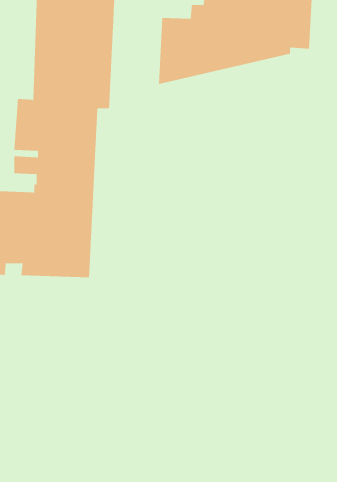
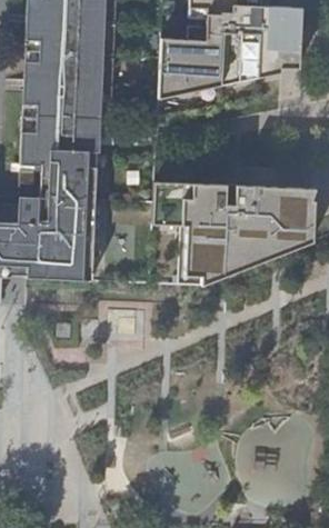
building: none -> [153,180,313,282]

